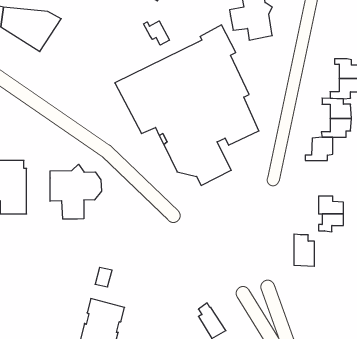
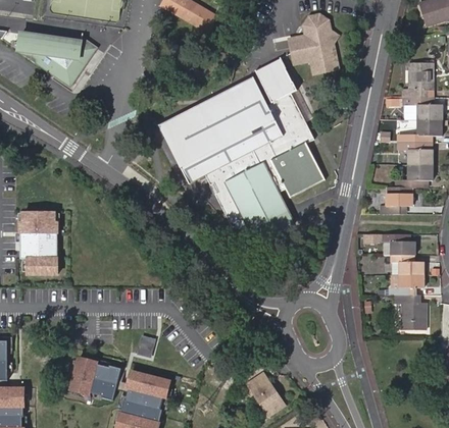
building: [144,21,169,45] -> none
building: none -> [400,61,431,96]
building: [50,164,102,219] -> none
building: none -> [382,232,412,253]
building: [294,234,314,266] -> [399,292,422,329]
building: none -> [69,357,120,399]

